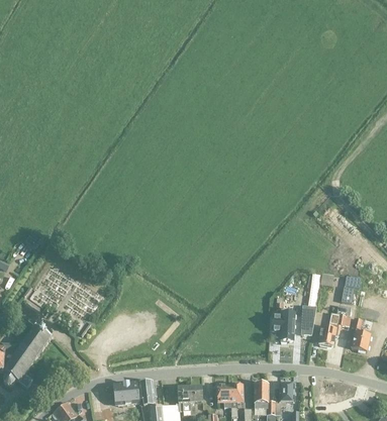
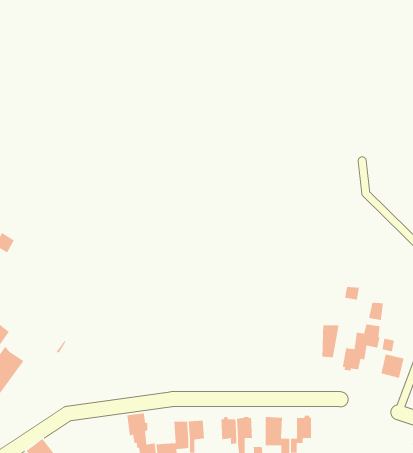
building: [274,297,293,339] -> none
building: [112,381,138,405] -> none

